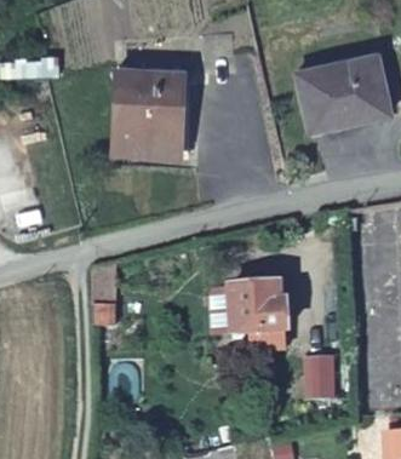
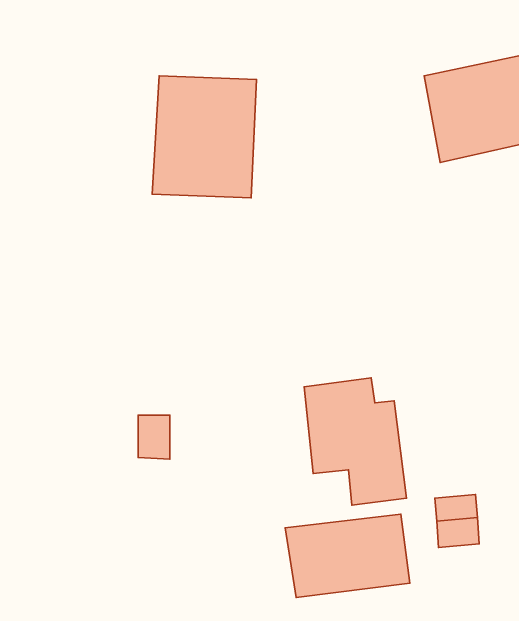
building: none -> [285,514,410,597]

